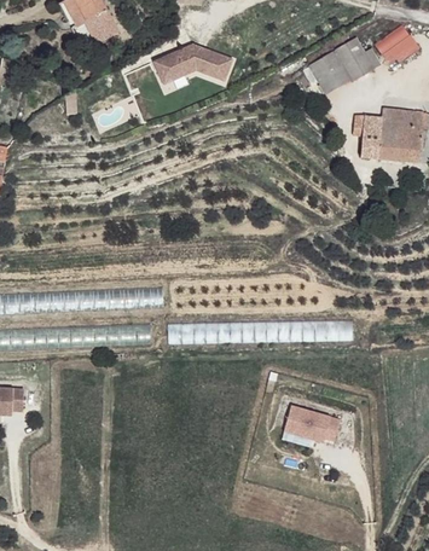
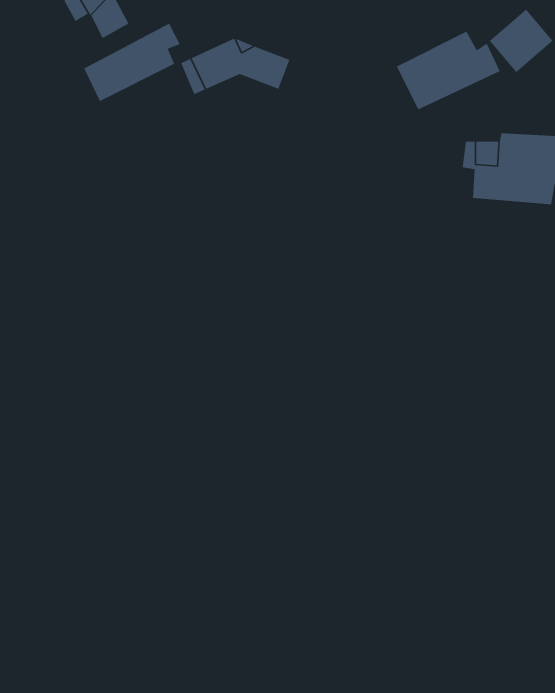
building: none -> [83,23,181,102]
building: [283,404,341,445] -> none

